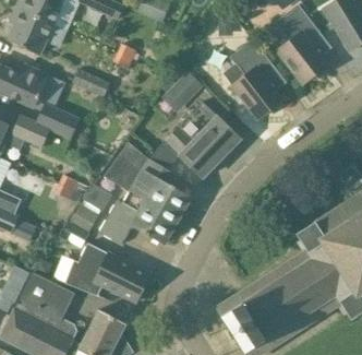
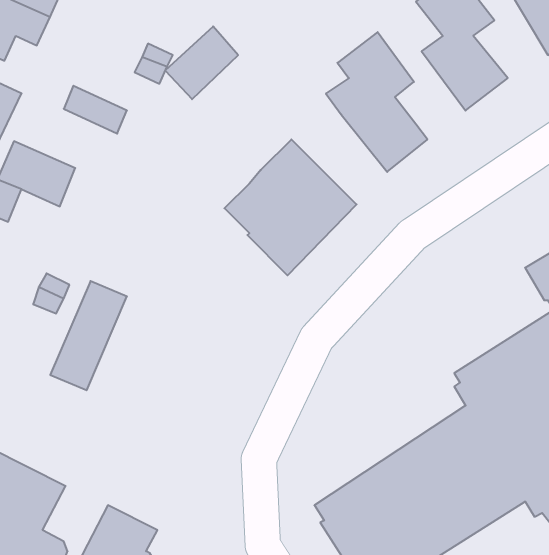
building: [161,69,203,110] -> [165,26,238,99]
building: [99,143,190,244] -> none
building: [64,241,149,301] -> none

